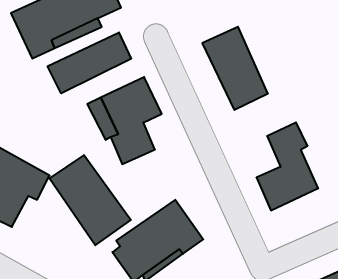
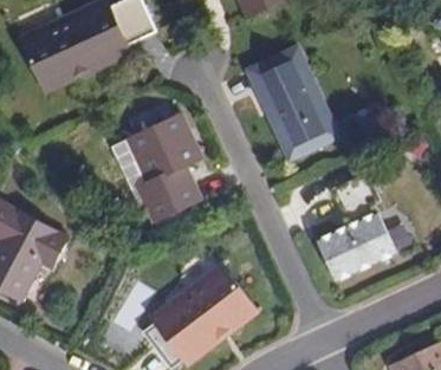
building: [48,32,131,93] -> none
building: [49,155,131,245] -> none

